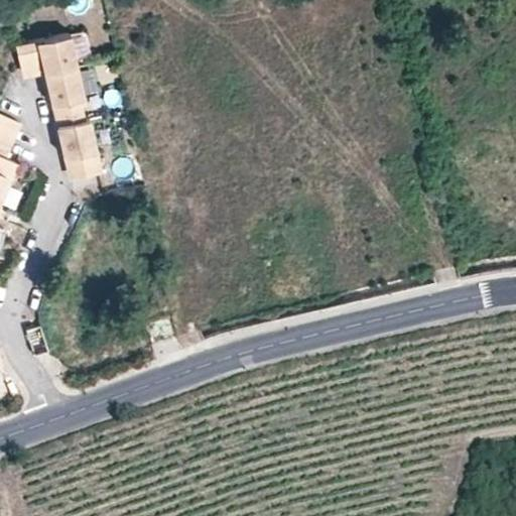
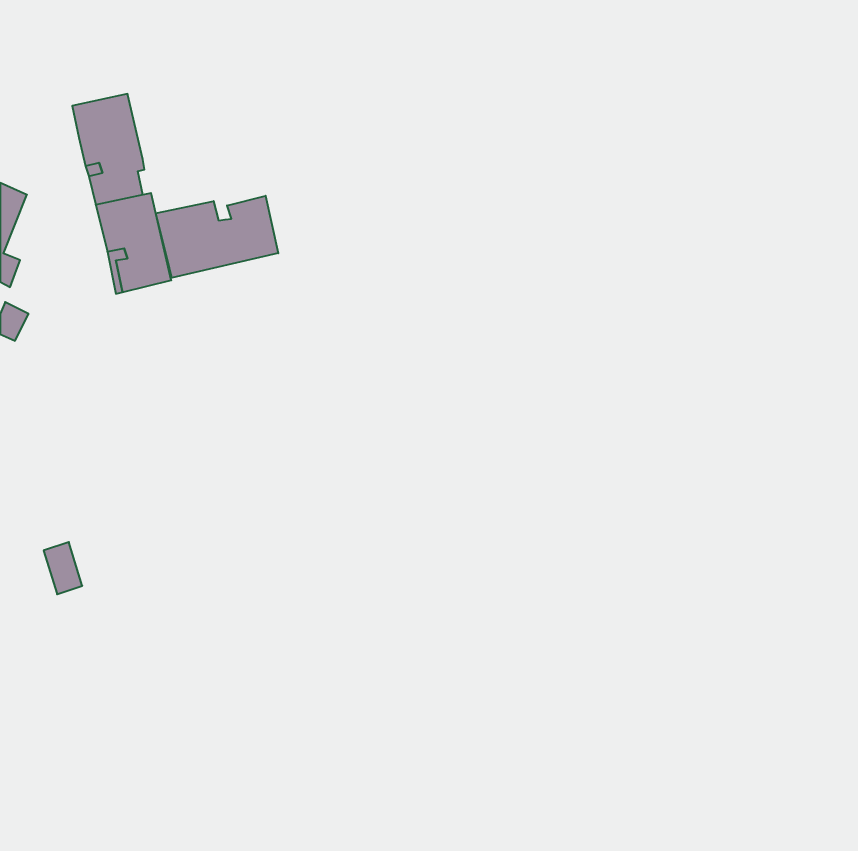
building: [12,33,77,74] -> none
building: none -> [156,196,278,278]

